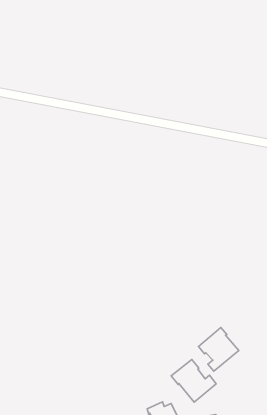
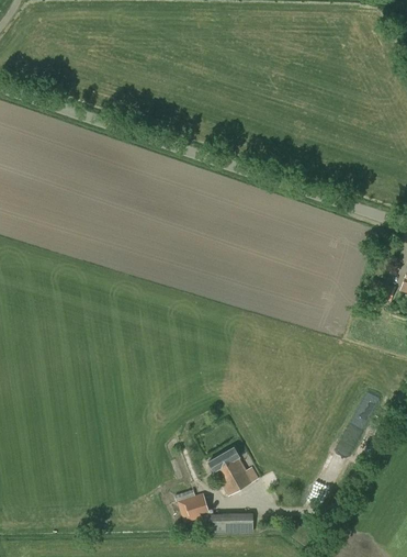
building: [198,328,239,371] -> none

